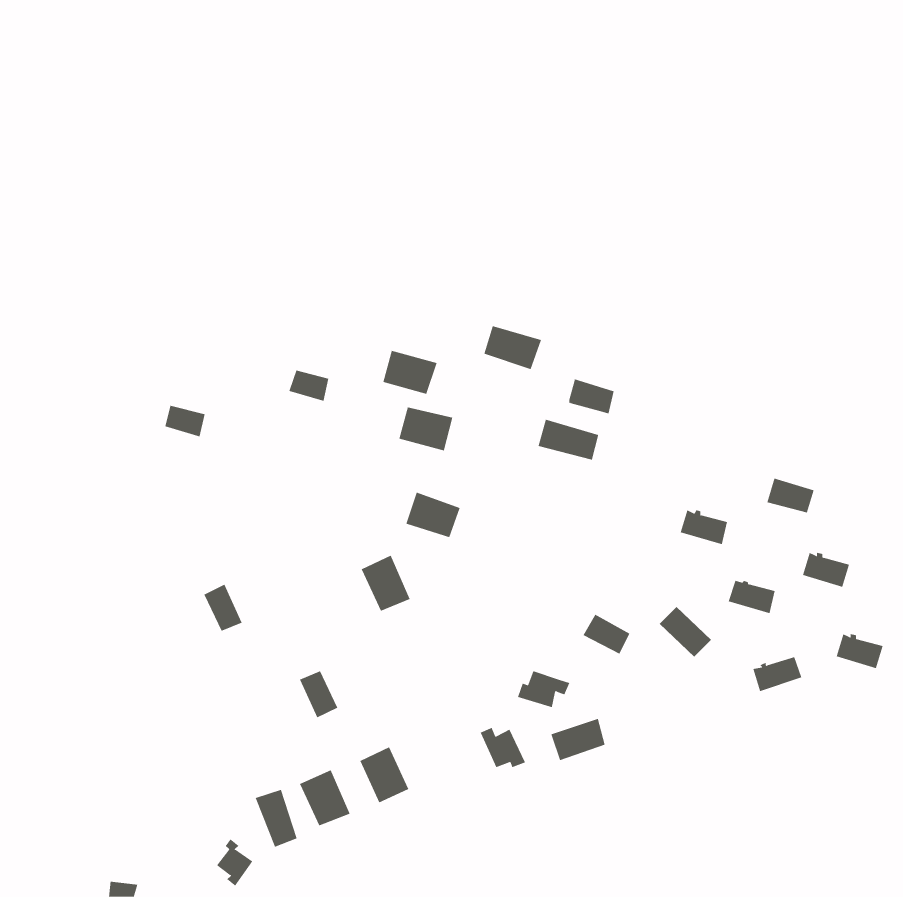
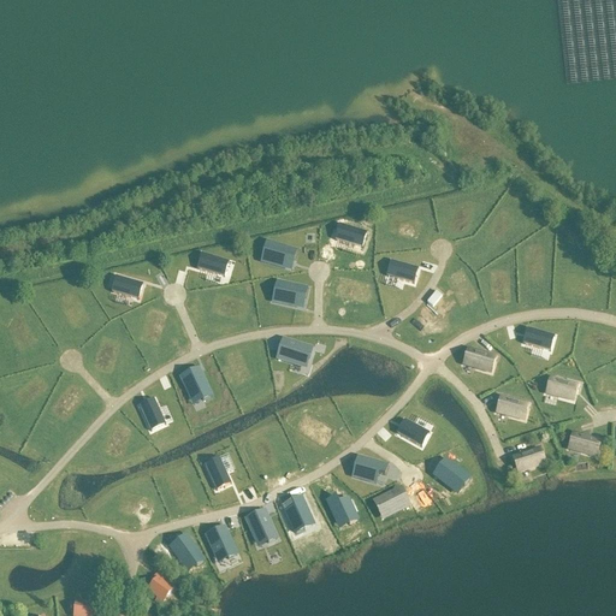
building: [538,419,599,461] -> none
building: [361,555,411,612] -> [178,363,212,402]
building: [659,606,712,657] -> [433,457,469,492]
building: none -> [284,494,312,532]

